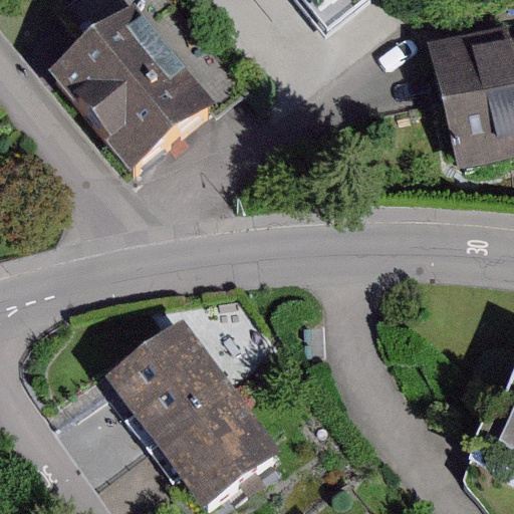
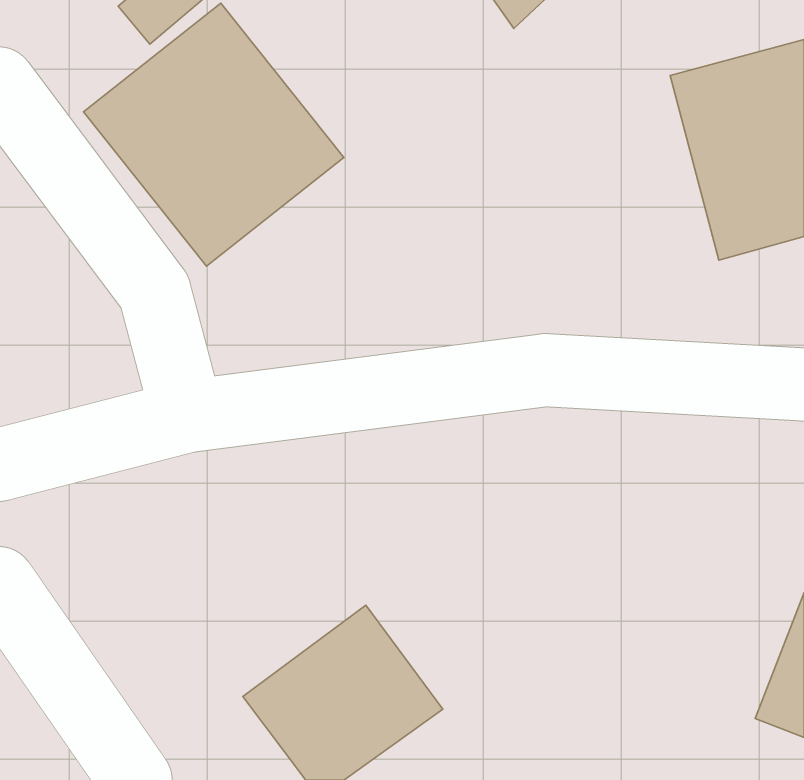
building: [105,320,233,444] -> none

